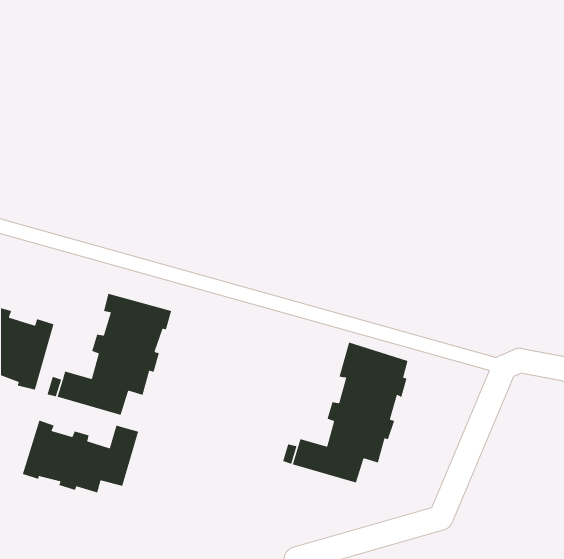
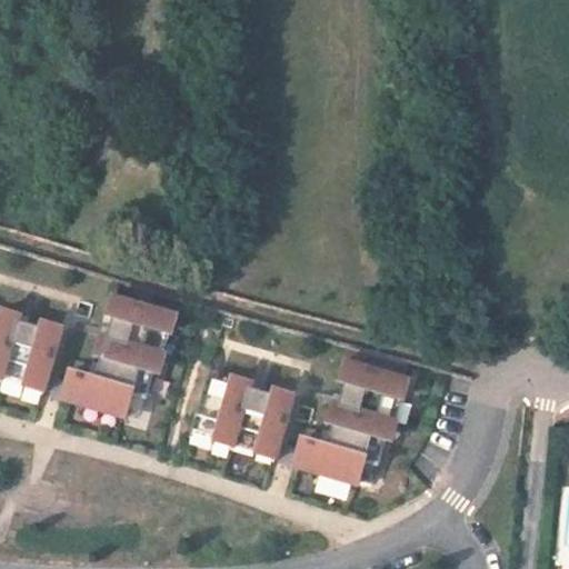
building: none -> [191,371,295,458]
building: [22,420,139,494] -> none

